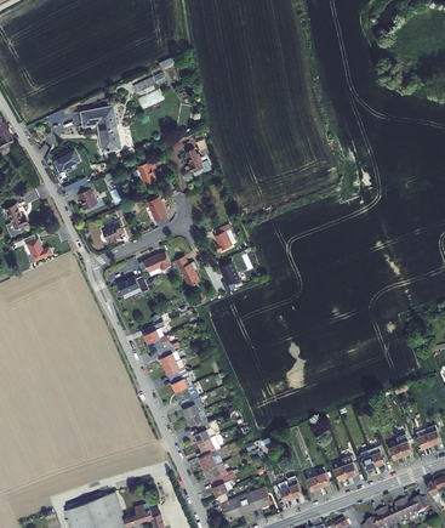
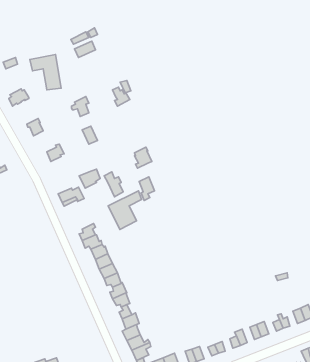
building: none -> [108,191,142,230]

